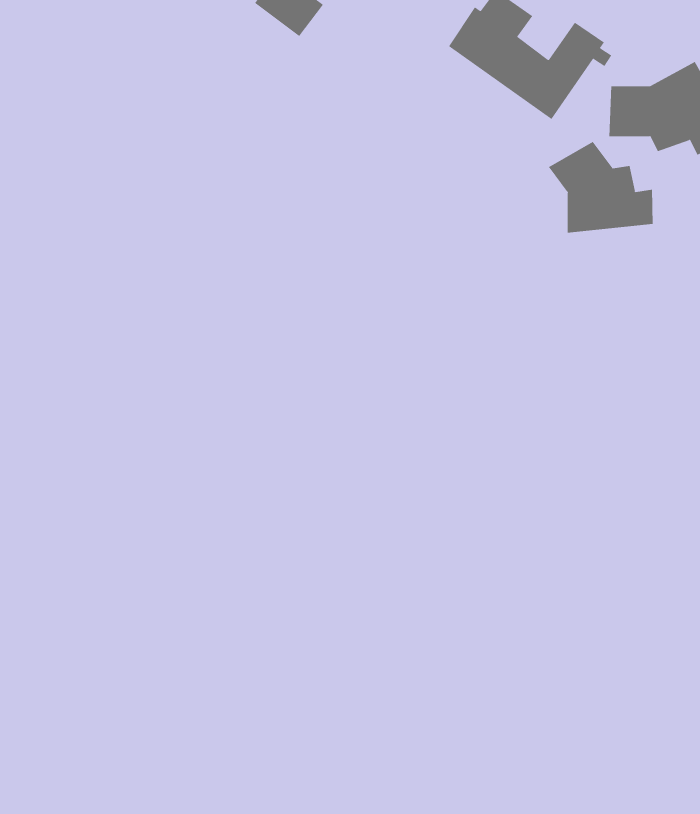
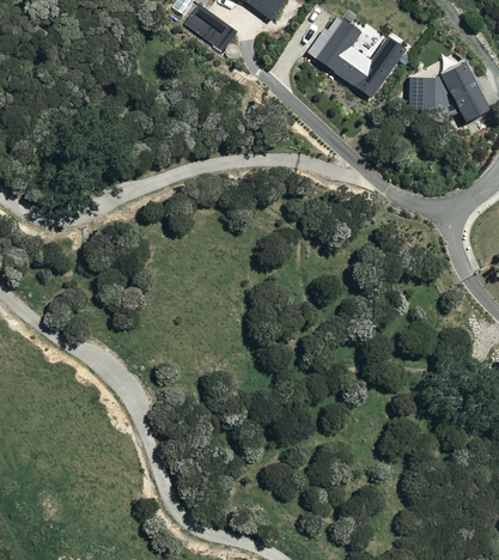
building: [548,141,653,233] -> none

